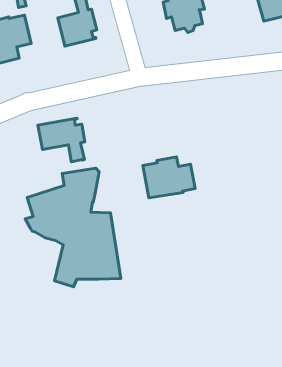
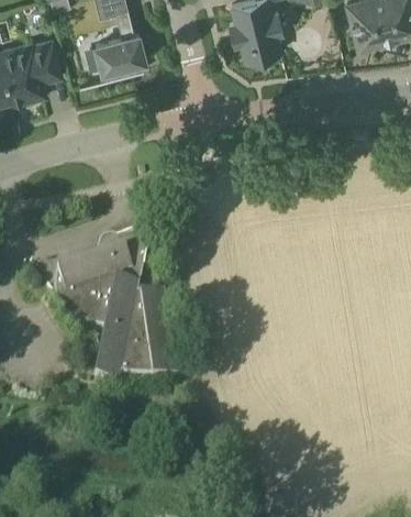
building: [38,118,85,162] -> none
building: [143,157,195,198] -> none

